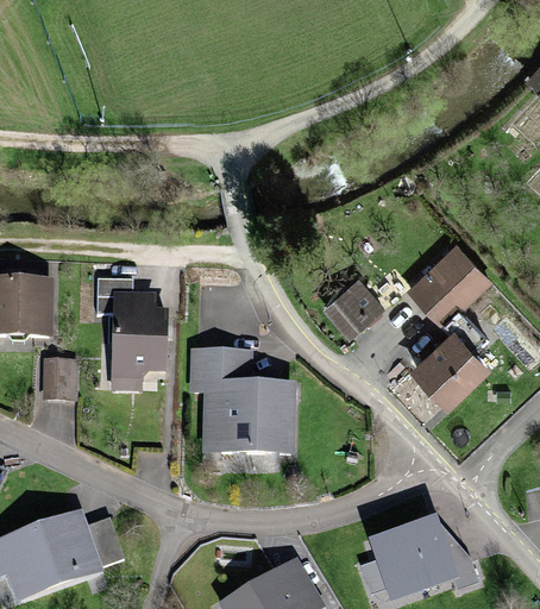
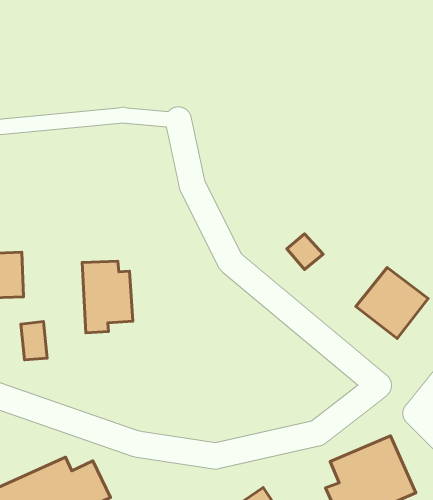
building: [409,249,489,328] -> none
building: [188,343,290,447] -> none

